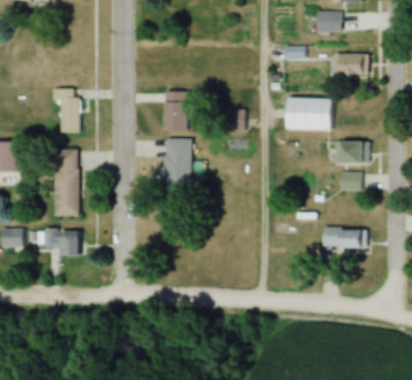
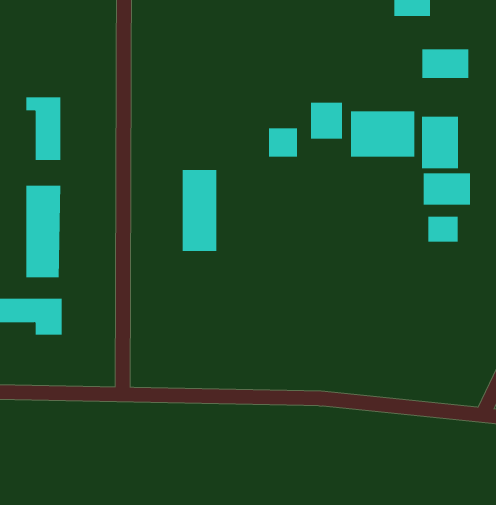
building: none -> [310,102,342,140]
building: [164,92,188,133] -> none
building: none -> [422,116,458,169]
building: [322,229,369,249] -> none

